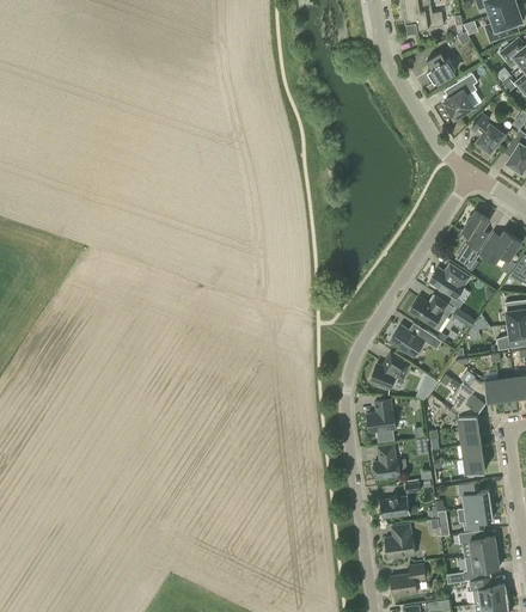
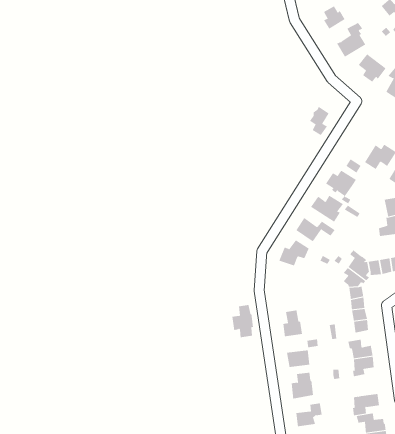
building: [461,212,488,250] -> [309,106,330,136]
building: [366,399,395,442] -> [232,304,254,338]
building: [457,531,496,556] -> none

